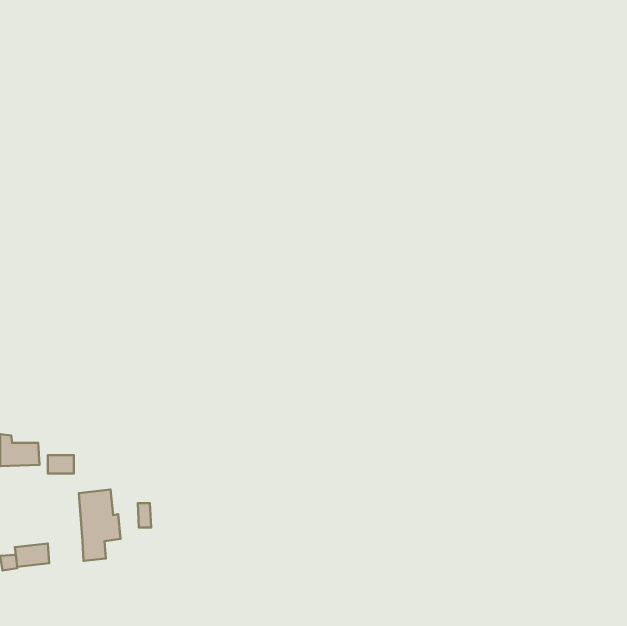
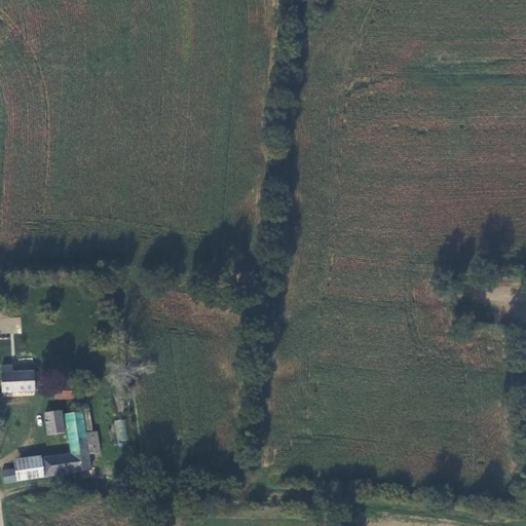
building: none -> [44,410,65,434]
building: none -> [41,454,71,473]

